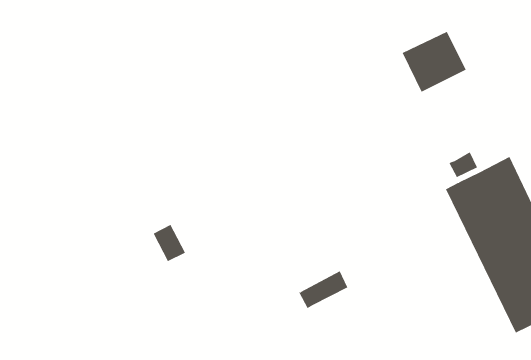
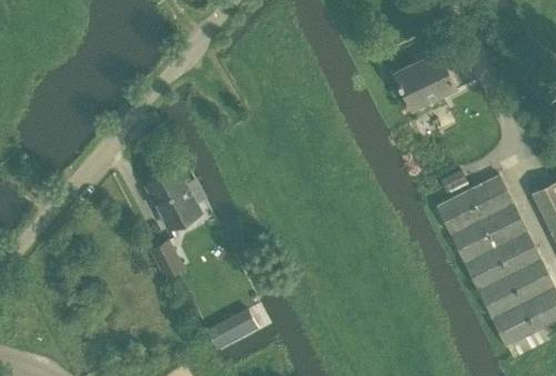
building: none -> [146,170,204,228]
building: [298,270,348,309] -> [208,311,256,348]

